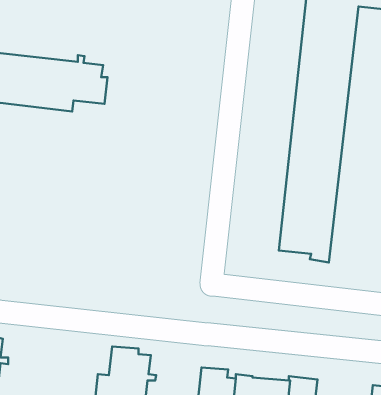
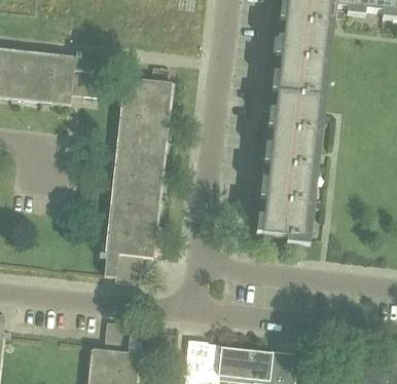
building: none -> [97,68,172,284]

